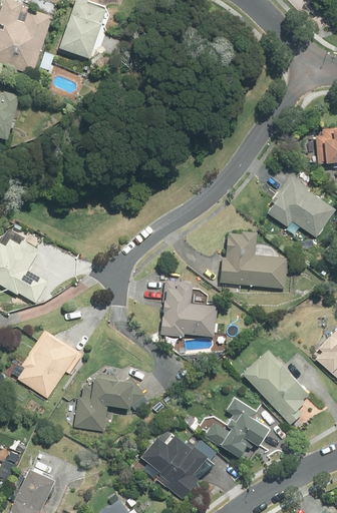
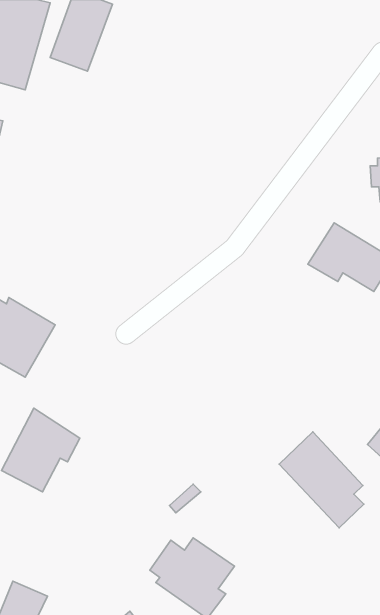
building: [220,229,288,288] -> none
building: [159,281,217,337] -> none
building: [74,377,151,428] -> none
building: [206,397,269,457] -> none

